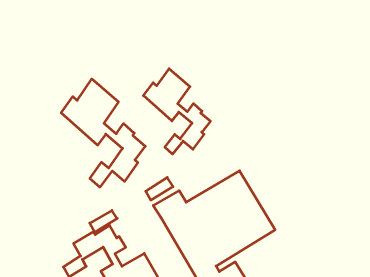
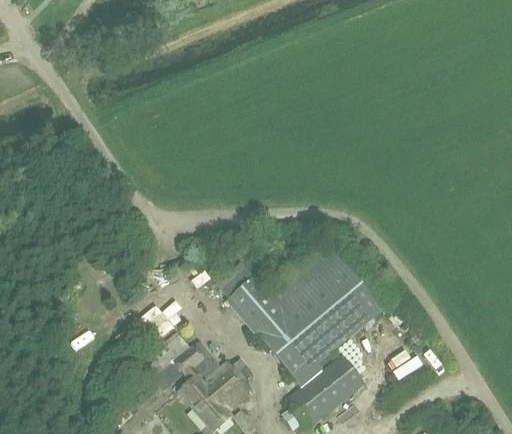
building: [143,69,210,154] -> none
building: [61,79,145,187] -> none

